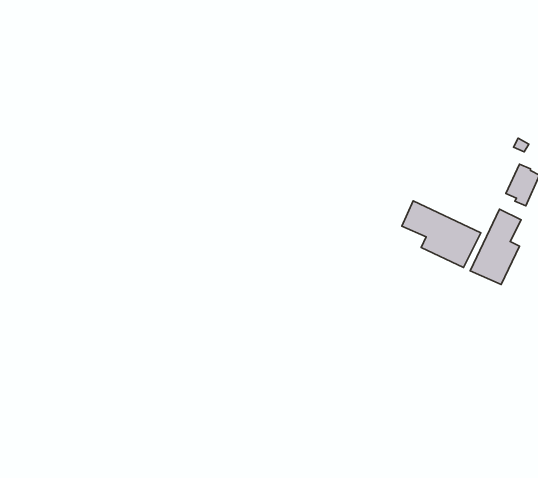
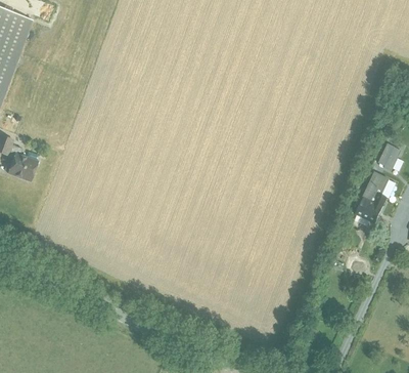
building: [402,201,481,268] -> none

